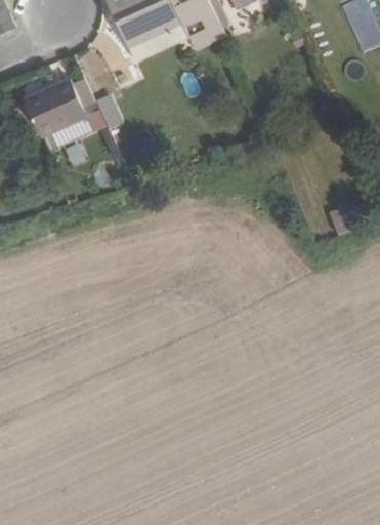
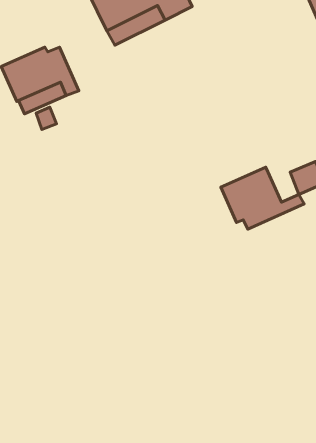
building: none -> [221,167,304,229]

